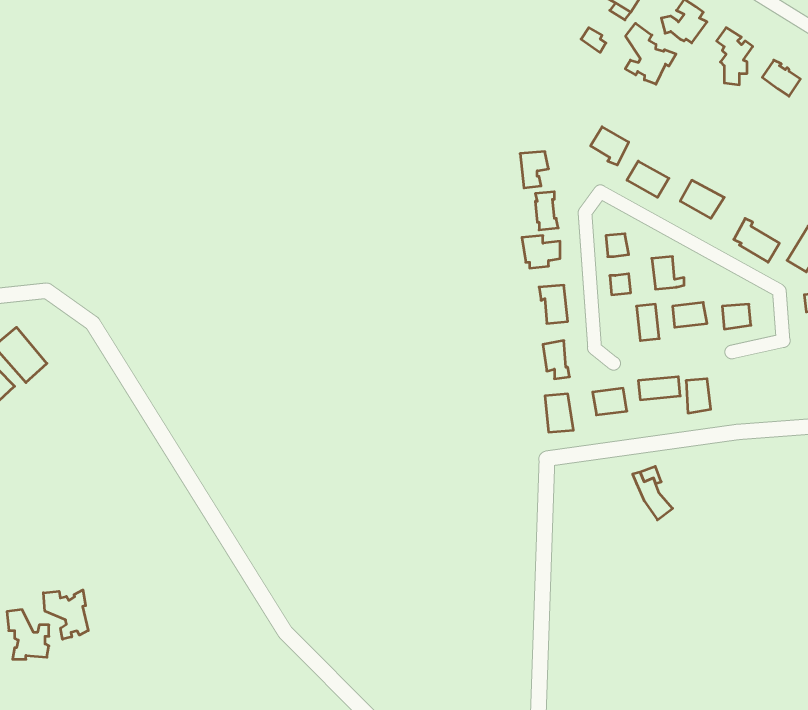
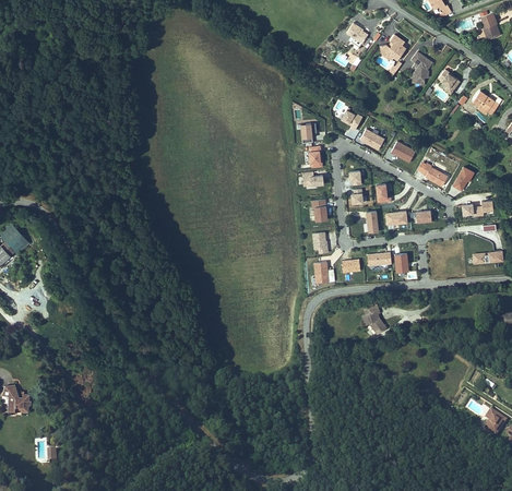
building: [625,23,676,84] -> none
building: [43,590,88,639] -> none

